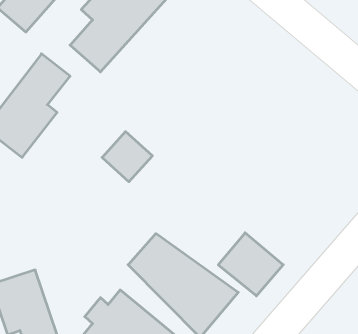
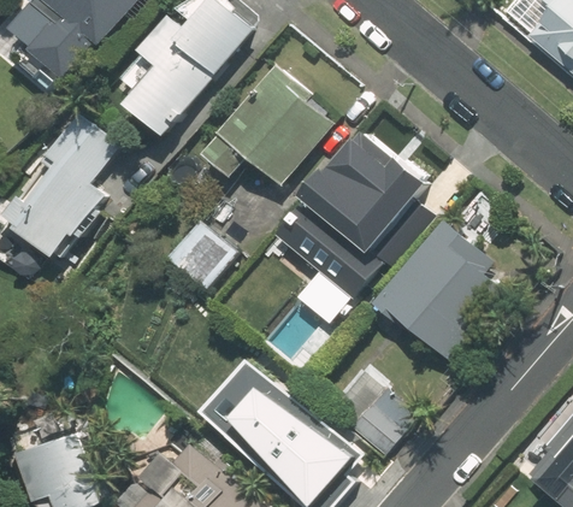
building: none -> [196,69,333,185]
building: none -> [285,141,404,273]
building: none -> [371,219,502,362]

